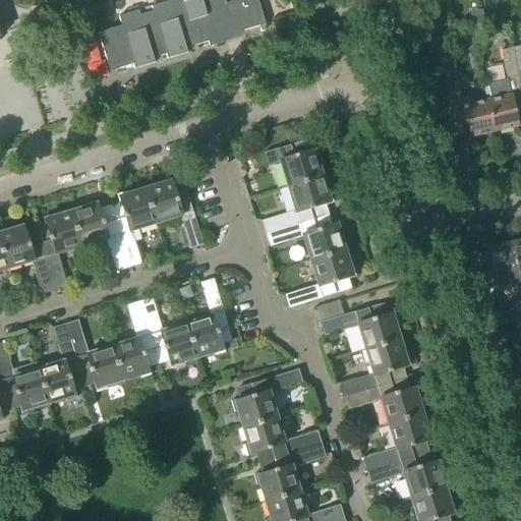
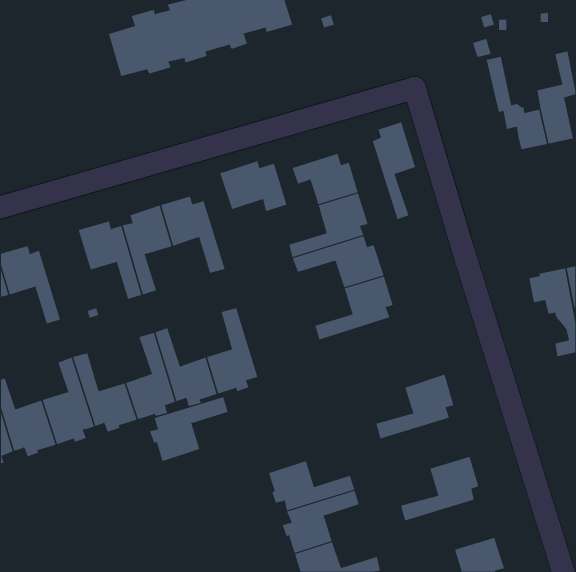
building: none -> [372,122,416,220]
building: none -> [220,160,287,212]
building: [36,208,81,289] -> none
building: [320,302,402,350] -> none
building: [231,368,302,427] -> [149,396,228,462]
building: [343,378,424,423] -> none
building: [365,452,447,497] -> none

